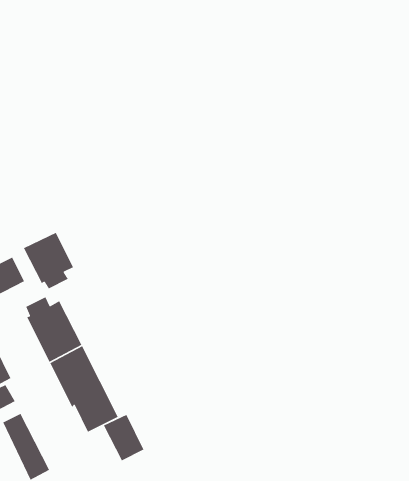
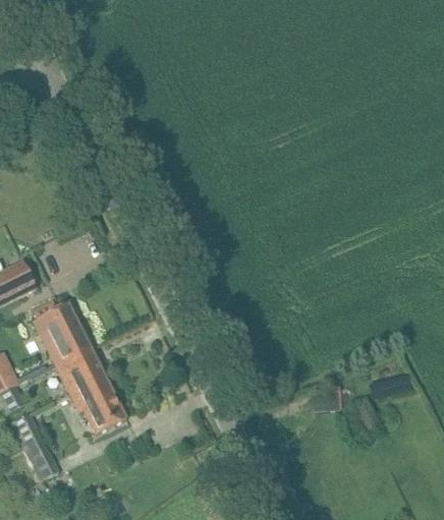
building: [23,232,74,289] -> none
building: [103,414,144,461] -> none

